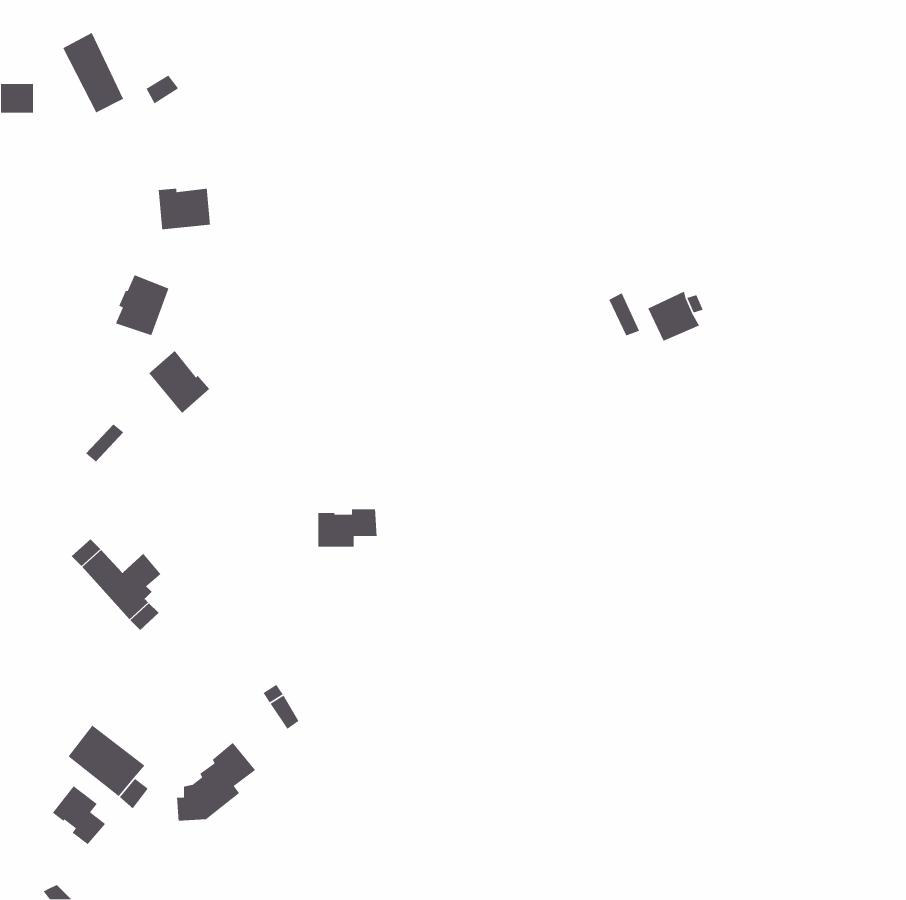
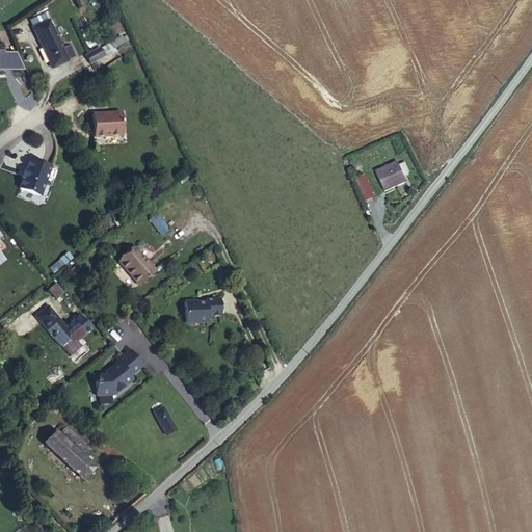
building: [115,274,170,336] -> [19,157,51,193]
building: [148,350,210,414] -> [115,245,152,283]
building: [176,742,256,821] -> [96,347,142,394]
building: [52,785,106,845] -> none

